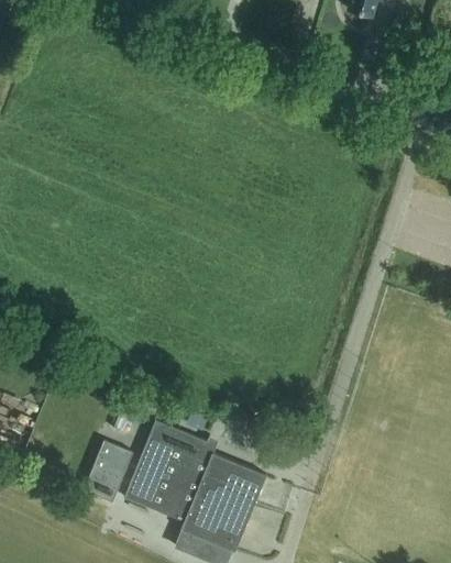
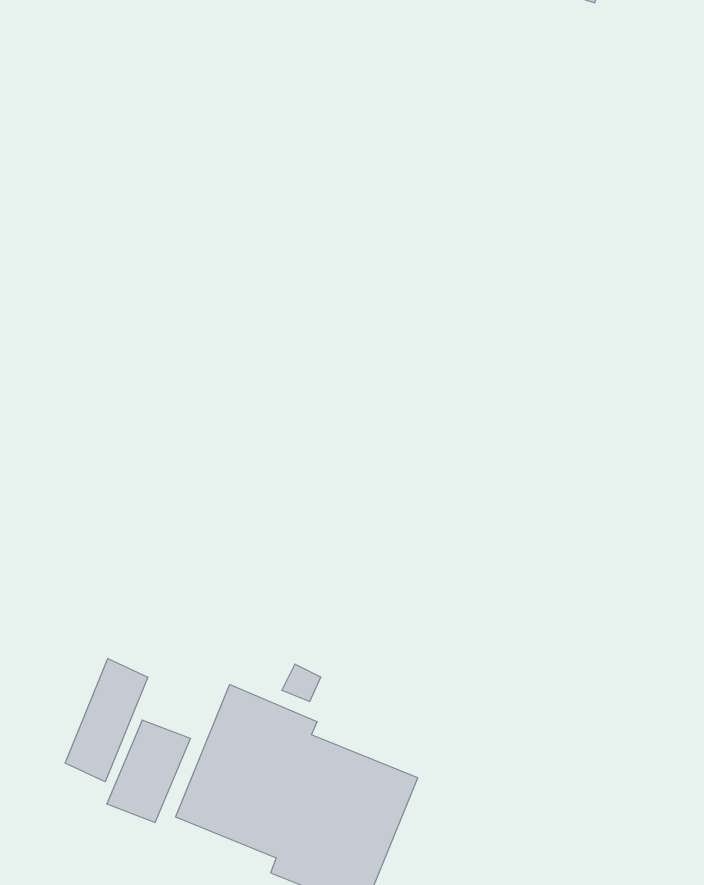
building: none -> [65,658,148,782]

